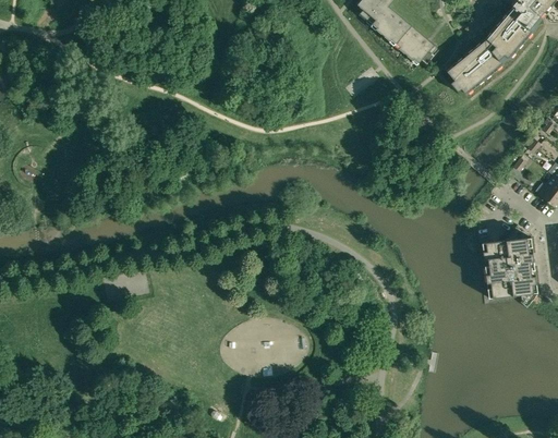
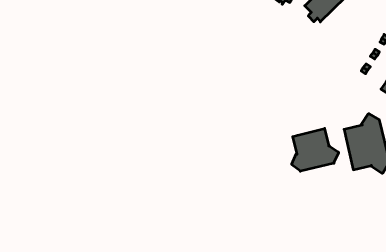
building: none -> [292,128,339,171]

